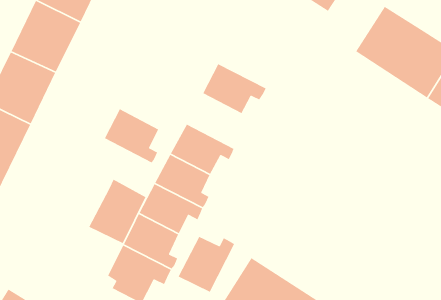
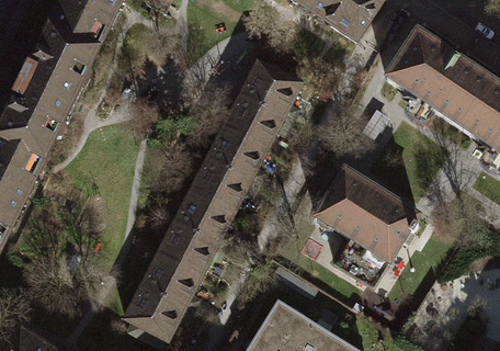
building: none -> [240,58,300,117]
building: [104,108,159,164] -> [207,123,265,181]
building: none -> [315,166,419,285]
building: [88,179,147,244] -> none
building: [177,236,235,293] -> none

